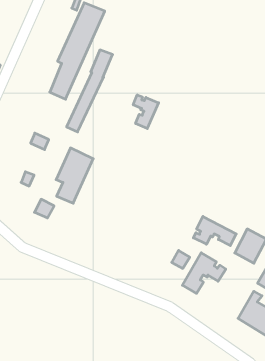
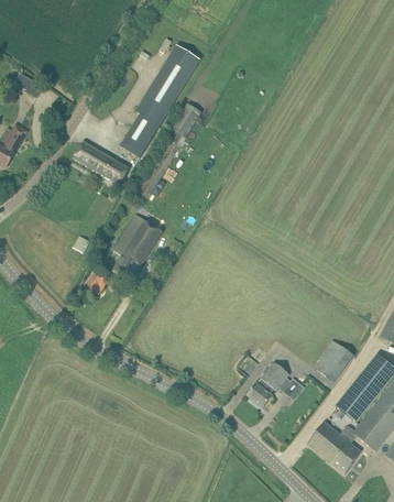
building: none -> [73,141,129,185]
building: [133,95,159,129] -> none
building: [193,216,236,246] -> none

